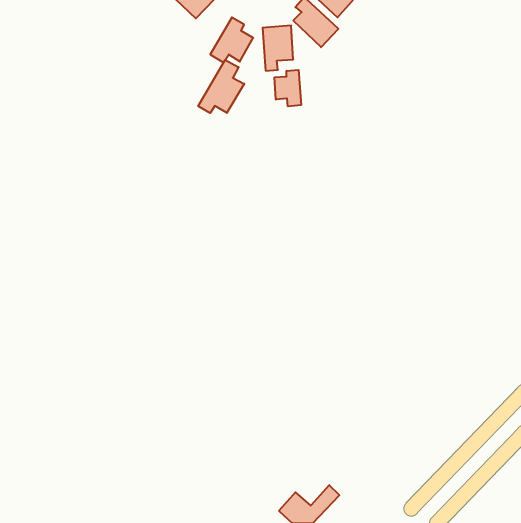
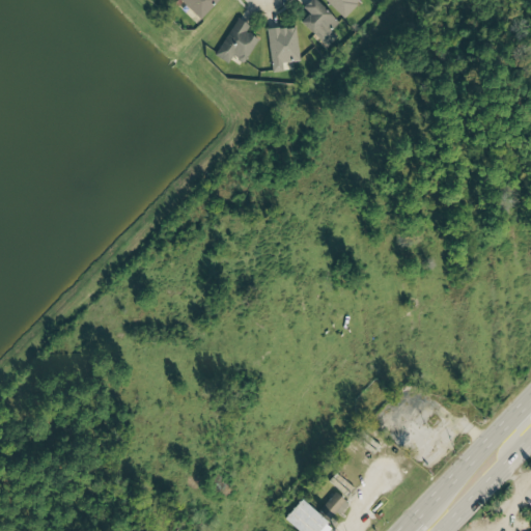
building: [198,60,244,113] -> none
building: [275,70,301,106] -> none

